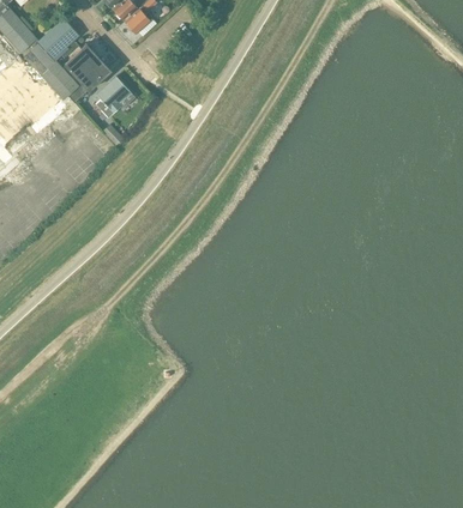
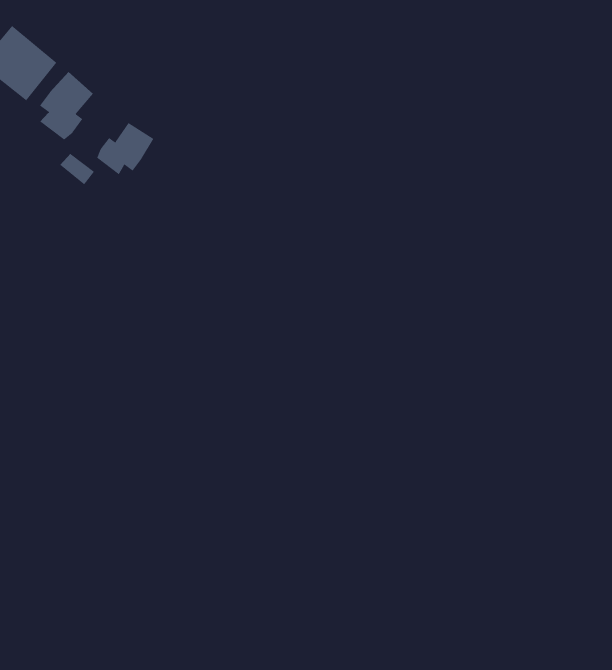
building: none -> [96,122,154,175]

